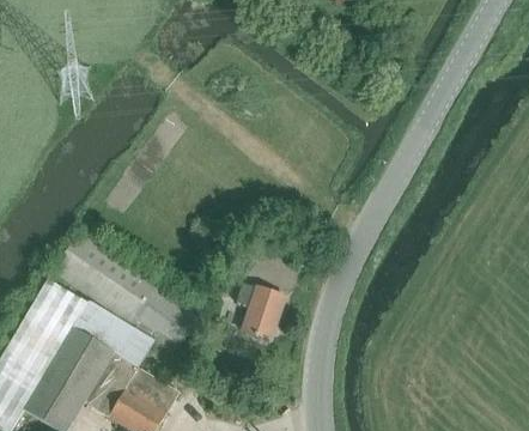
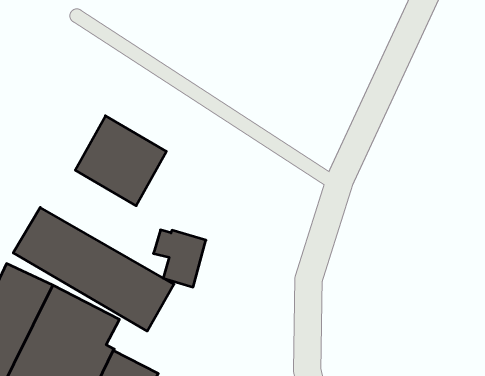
building: none -> [75,116,166,206]
building: [235,286,285,342] -> [153,230,206,287]

